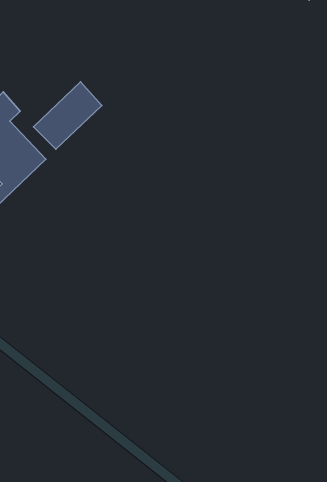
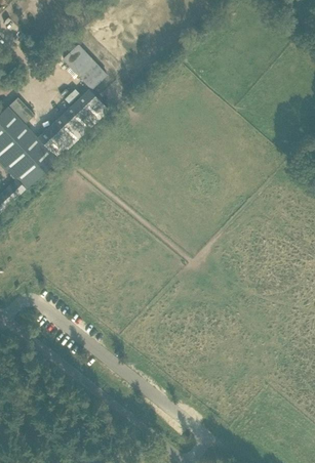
building: none -> [63,44,106,88]

